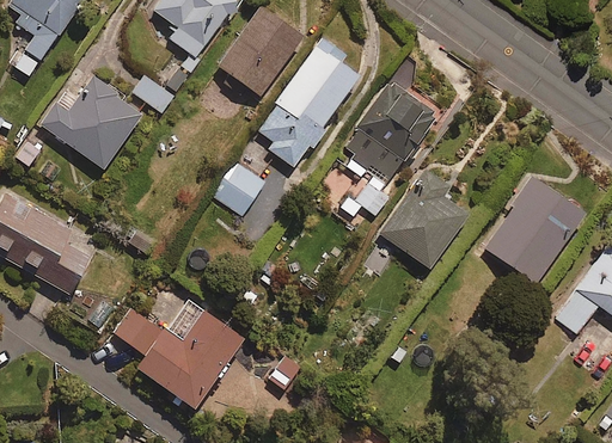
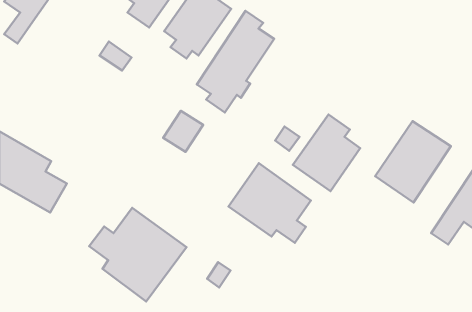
building: [43,75,143,168] -> none
building: [348,85,436,178] -> none
building: none -> [229,163,311,243]

